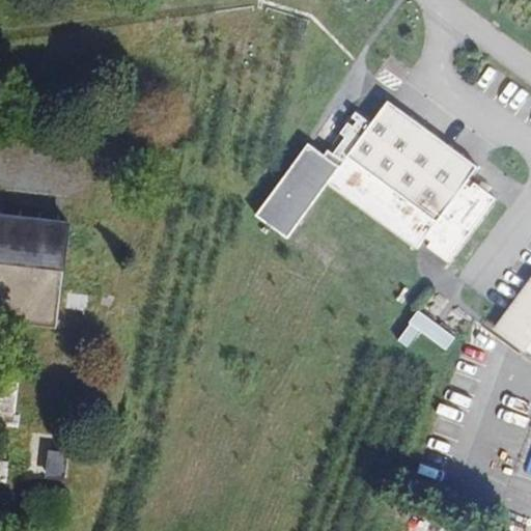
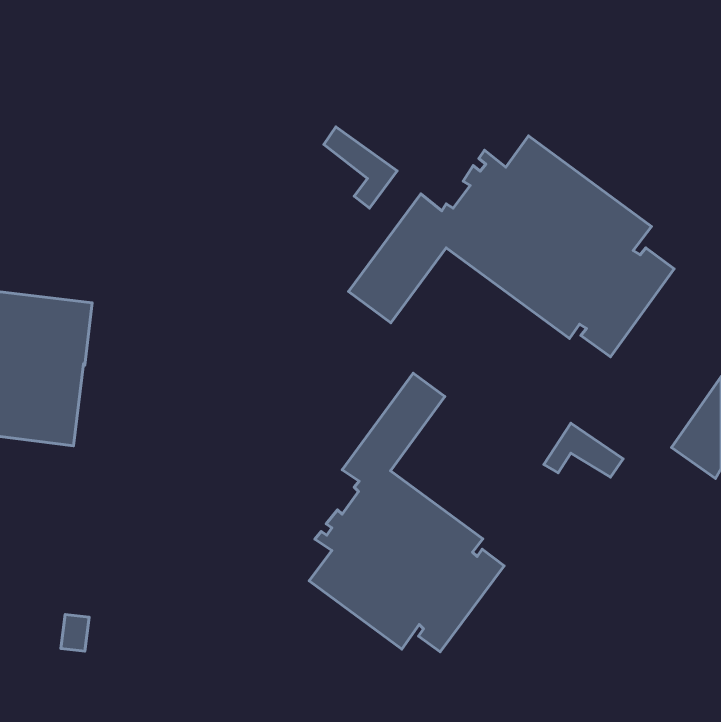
building: none -> [324,127,397,208]
building: none -> [309,373,504,652]

